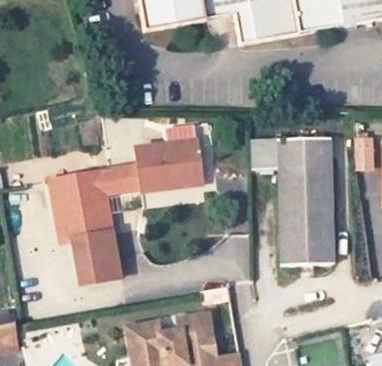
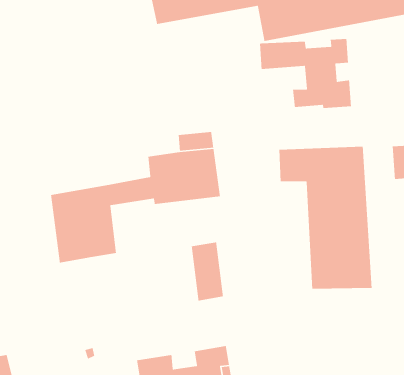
building: none -> [259,38,352,109]
building: [88,232,117,285] -> [191,241,224,301]

